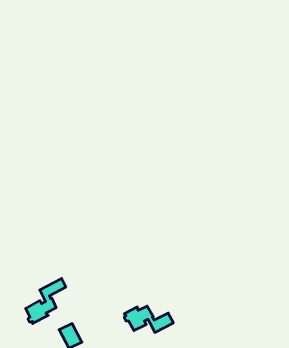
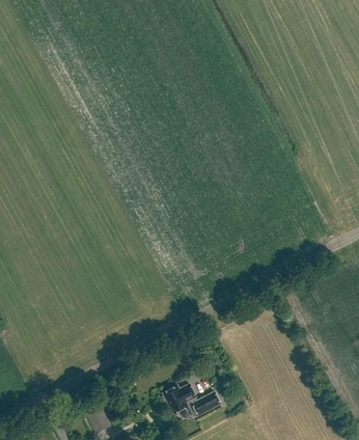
building: [26,278,66,324] -> none

